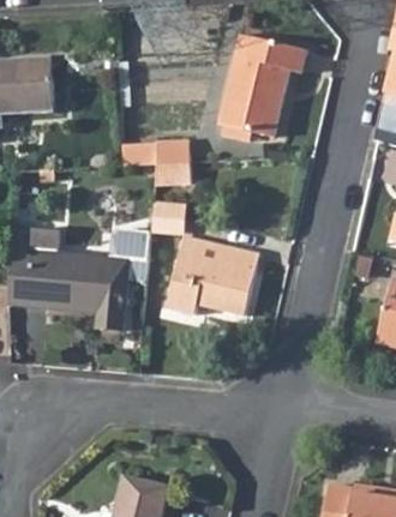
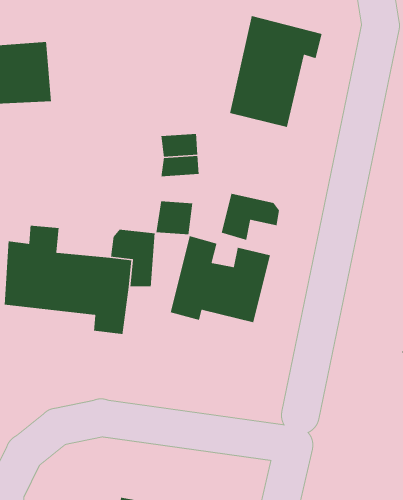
building: none -> [221,193,280,241]

